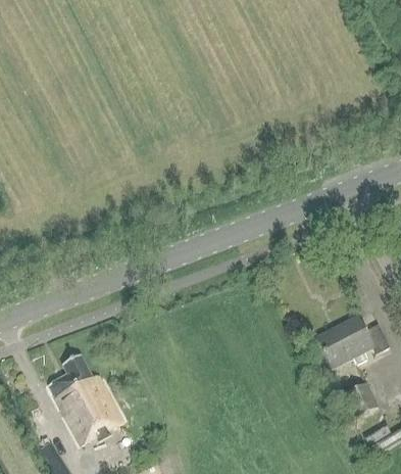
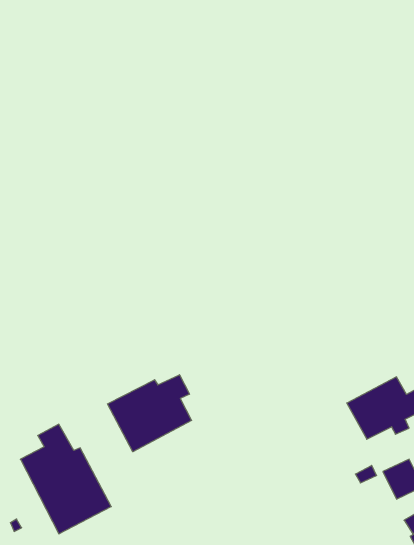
building: none -> [108,375,192,452]

